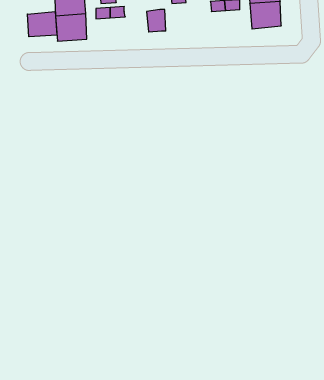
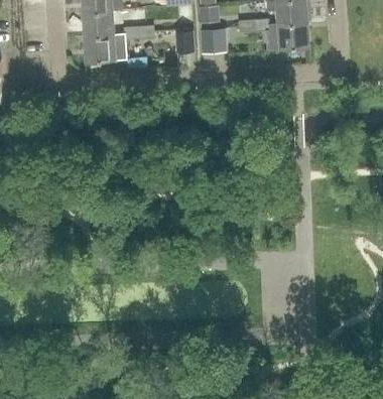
building: none -> [200,27,226,51]
building: [27,12,57,37] -> none

